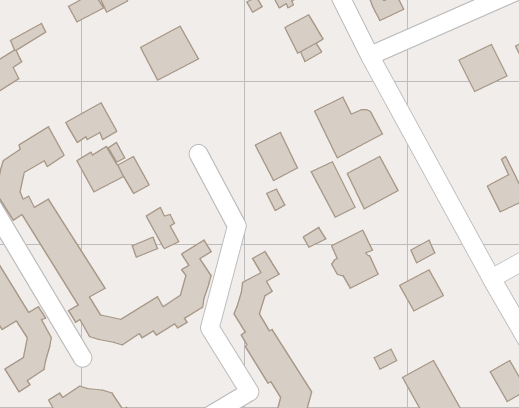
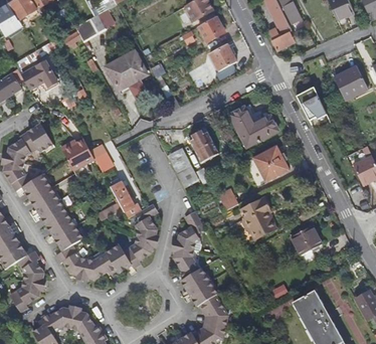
building: none -> [296,87,325,120]
building: [66,103,117,142] -> [21,61,57,90]
building: [311,162,355,217] -> [167,149,198,188]

